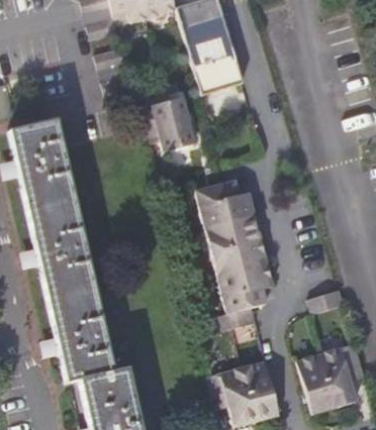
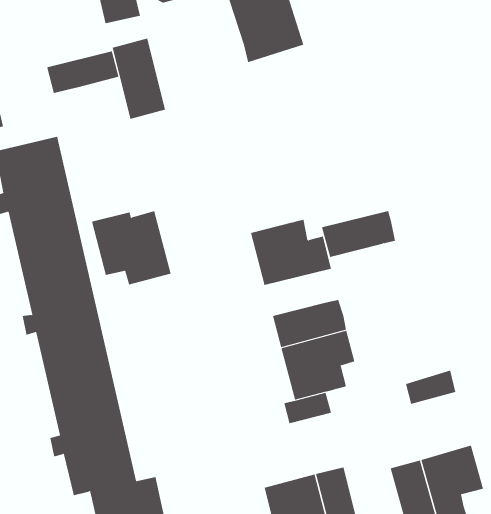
building: [193,52,243,95] -> none
building: none -> [46,50,119,94]
building: [135,96,194,150] -> [91,210,172,285]
building: [205,216,260,250] -> [321,211,396,258]

